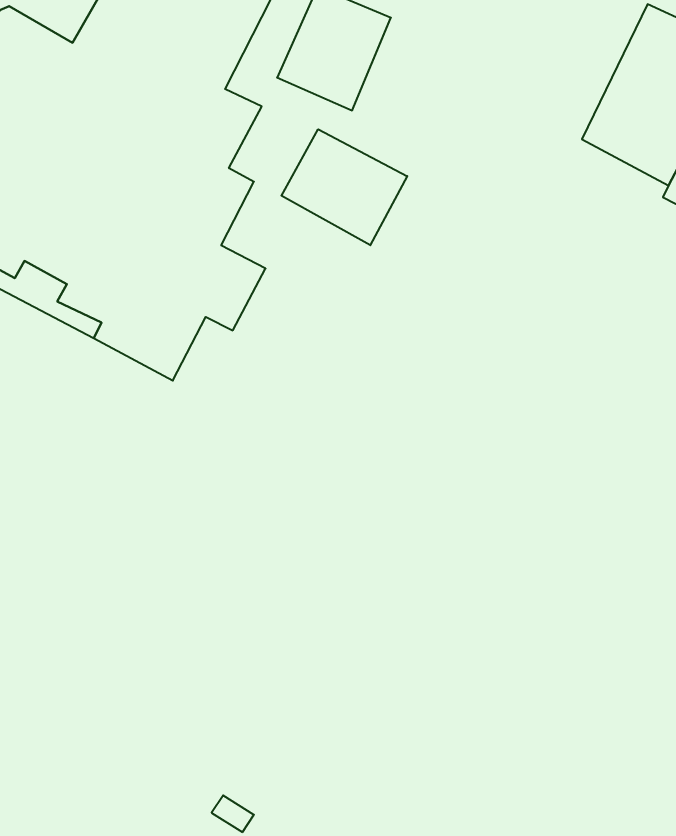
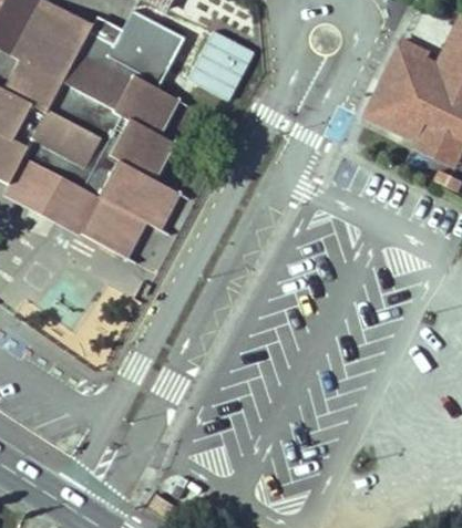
building: [281,129,407,245] -> none

